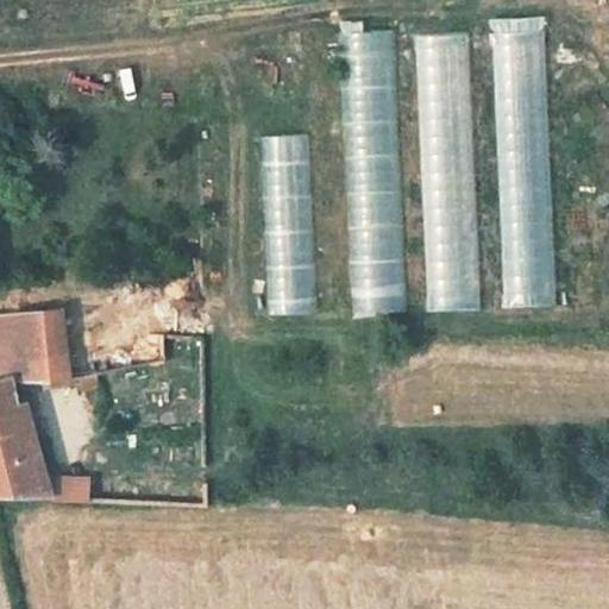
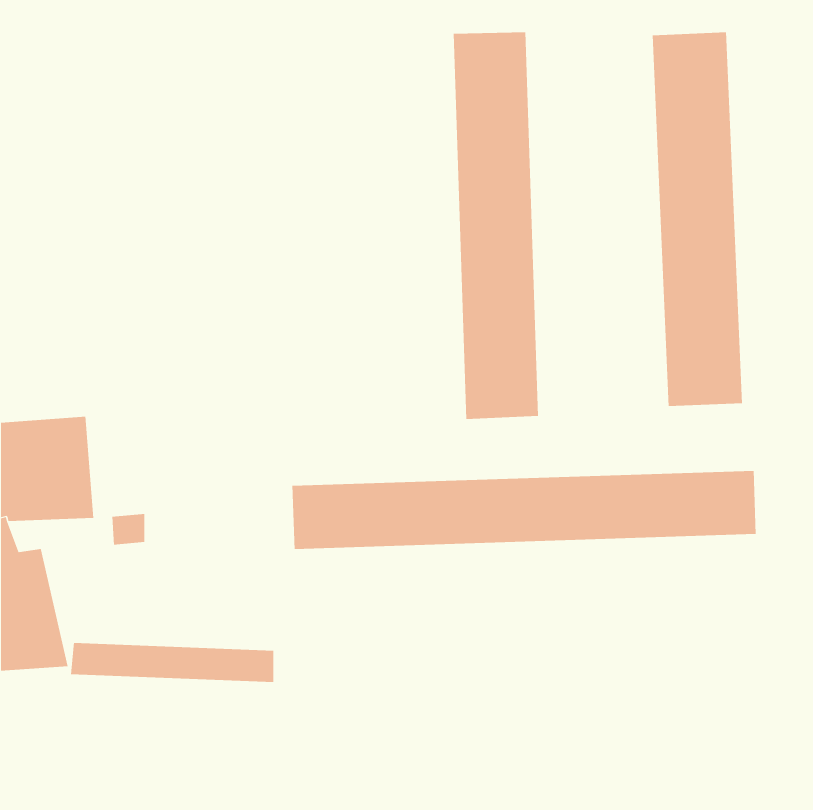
building: [413,29,479,306] -> none
building: [258,127,316,310] -> none
building: none -> [292,470,756,550]

